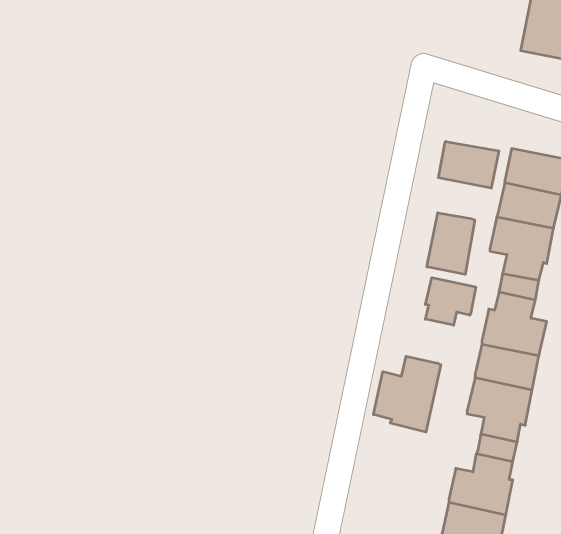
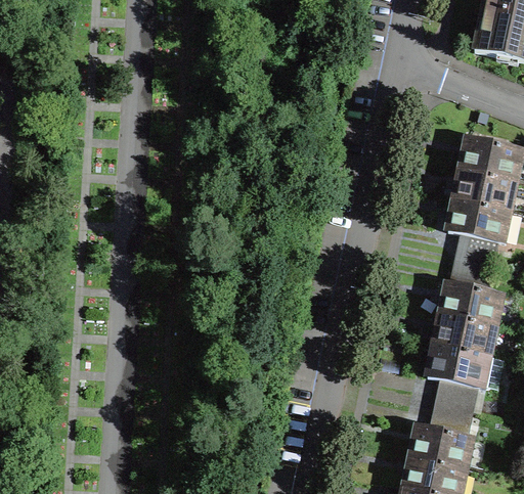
building: [438,141,499,188] -> none
building: [427,213,475,274] -> none
building: [425,278,476,325] -> none
building: [373,356,441,432] -> none

